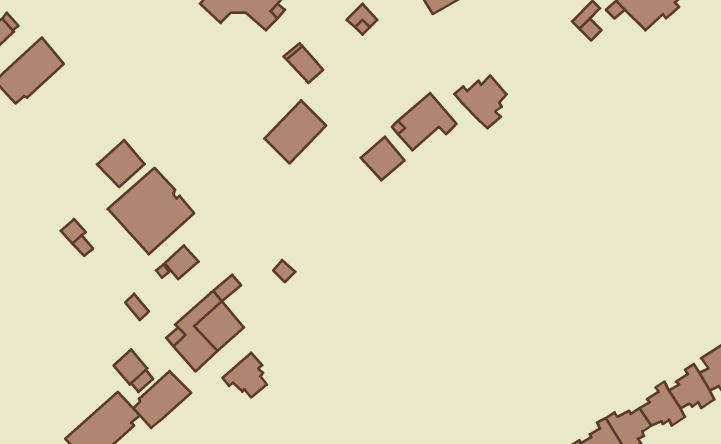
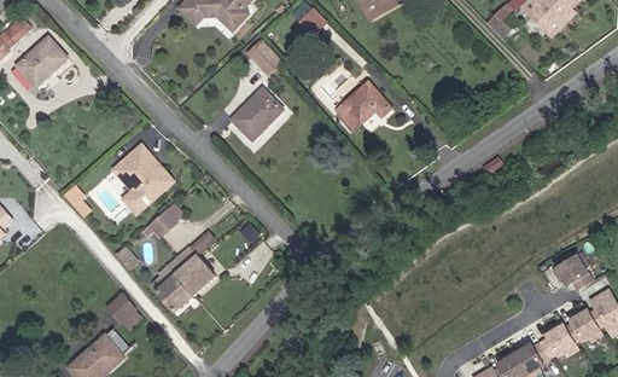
building: [454,76,507,128] -> none
building: [361,137,404,180] -> none
building: [97,140,145,187] -> none
building: none -> [554,253,593,290]
building: [223,353,267,397] -> none
building: [133,371,191,428] -> none

